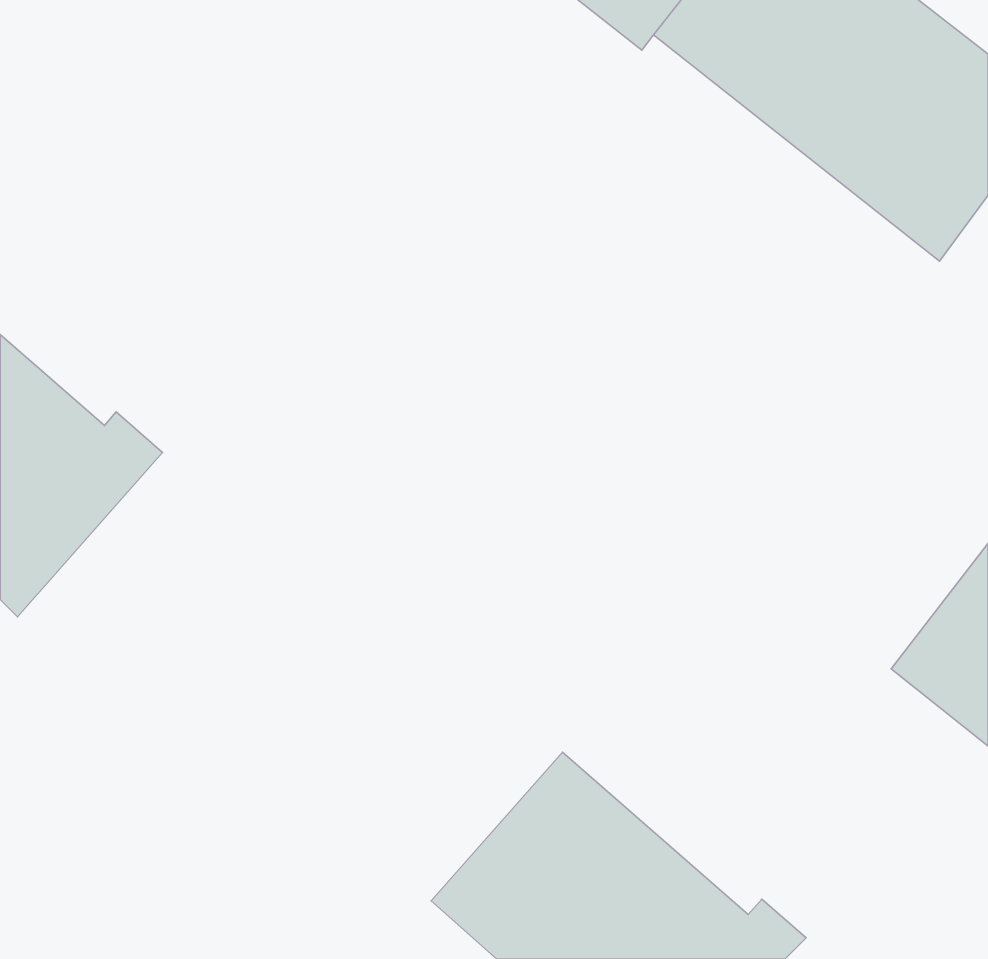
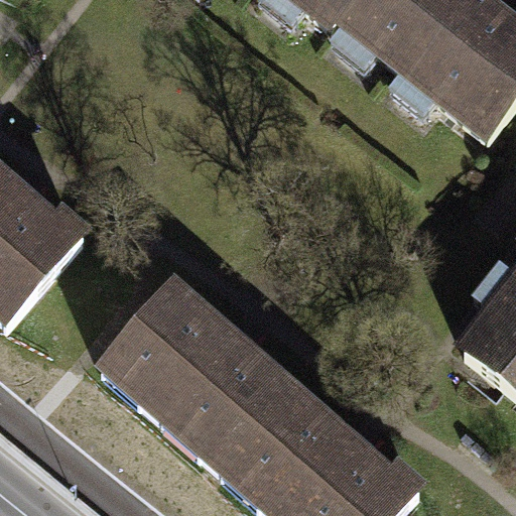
building: none -> [110,287,293,470]

